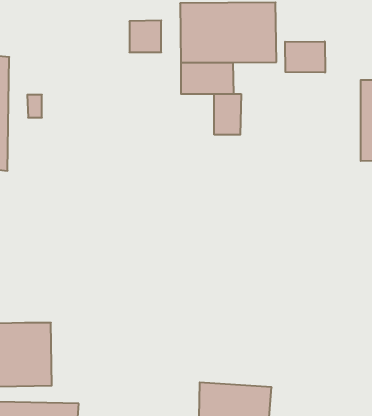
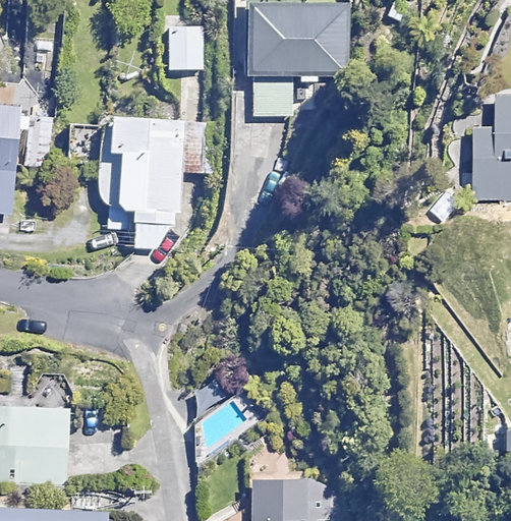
building: [285,41,325,73] -> none
building: none -> [101,115,181,253]
building: [214,94,241,135] -> none

